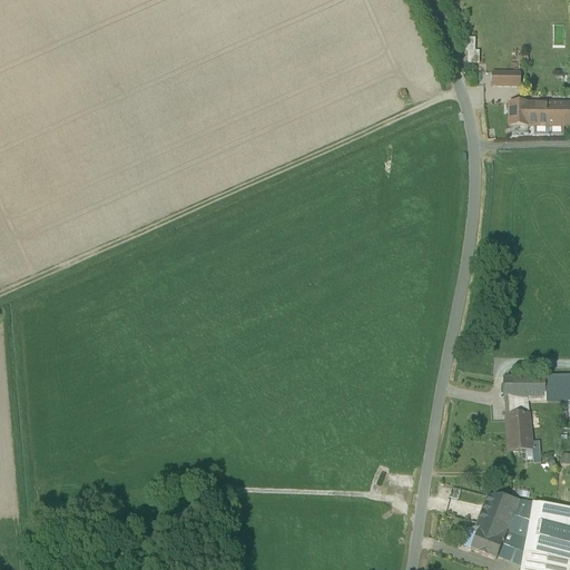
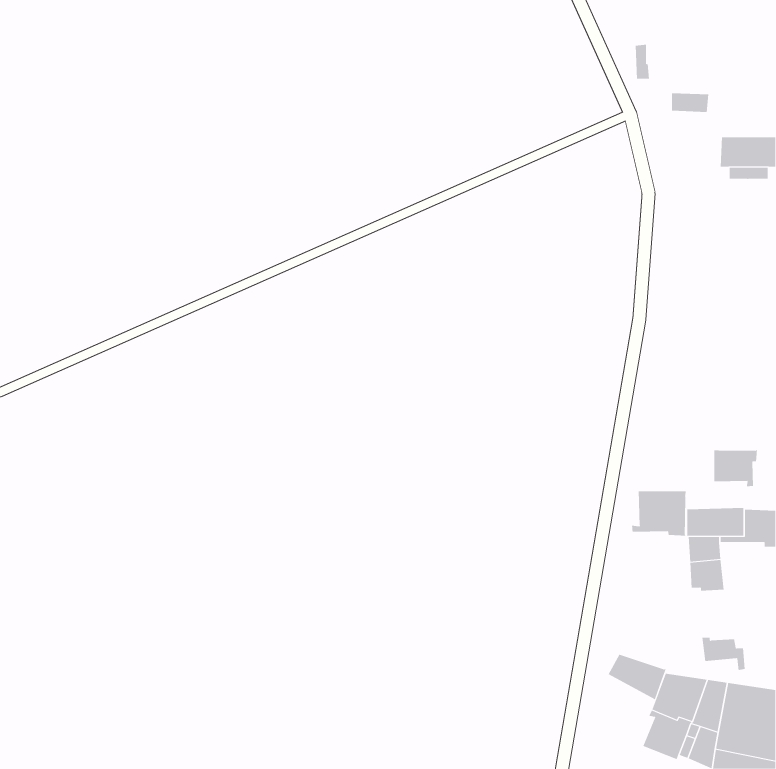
building: [509,99,529,122] -> none
building: none -> [714,449,757,487]
building: none -> [631,491,686,536]
building: [507,431,539,455] -> [701,637,745,671]
building: none -> [608,654,666,700]

